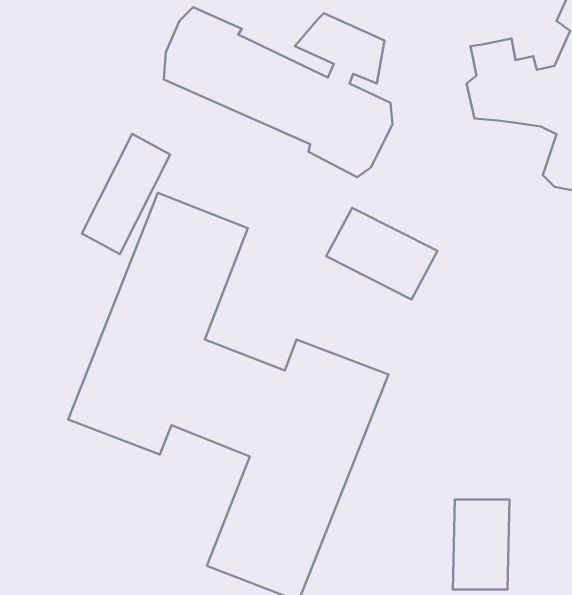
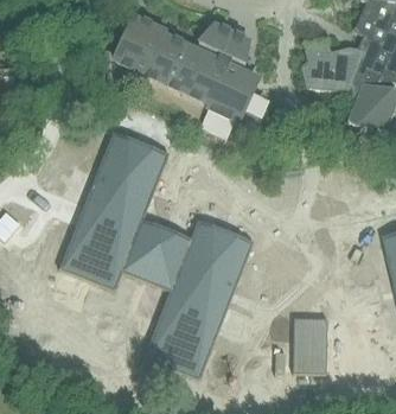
building: [82,134,170,254] -> none
building: [326,208,437,299] -> none

